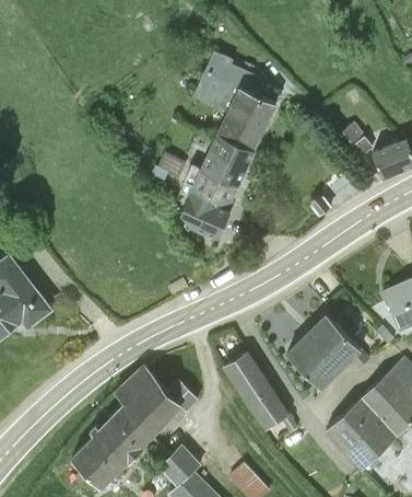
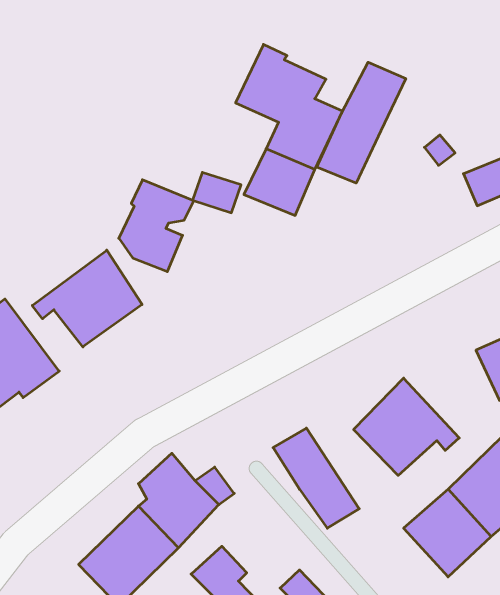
building: none -> [317,62,406,183]
building: [180,169,239,241] -> [119,180,194,272]
building: none -> [32,250,142,347]

